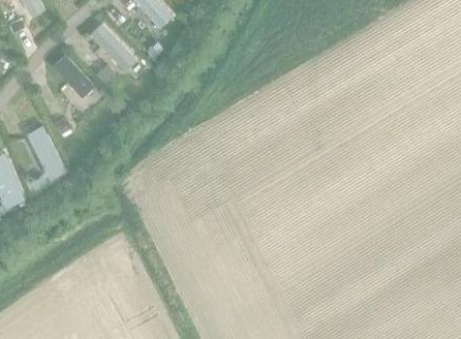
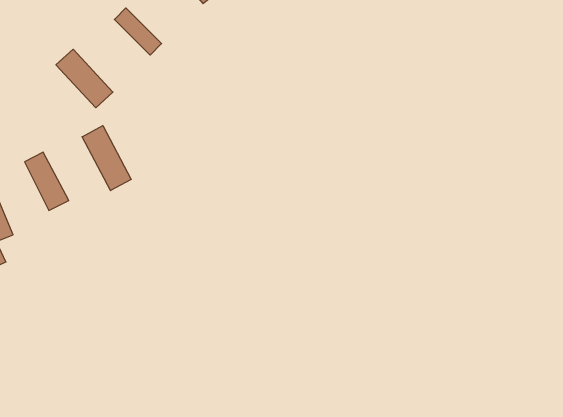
building: none -> [82,126,131,191]

